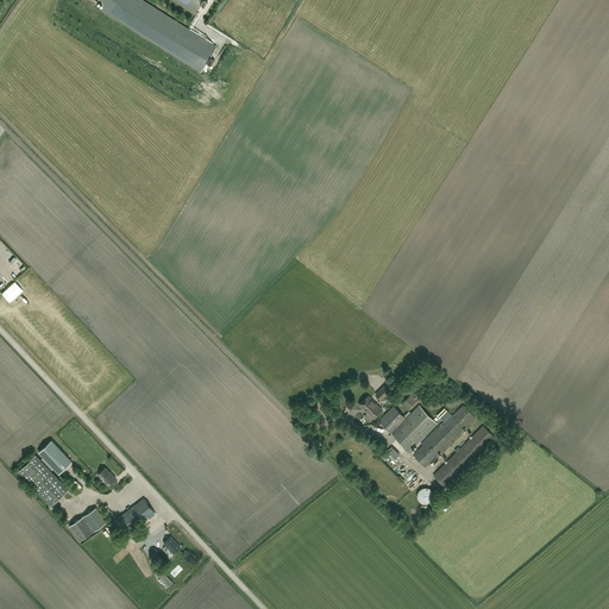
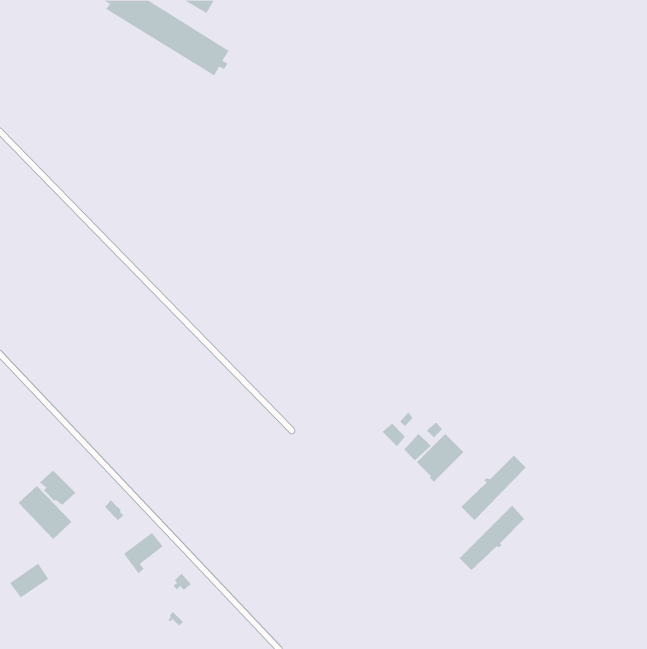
building: [412,404,473,466] -> [459,505,525,571]
building: [68,507,105,540] -> [9,563,49,598]

